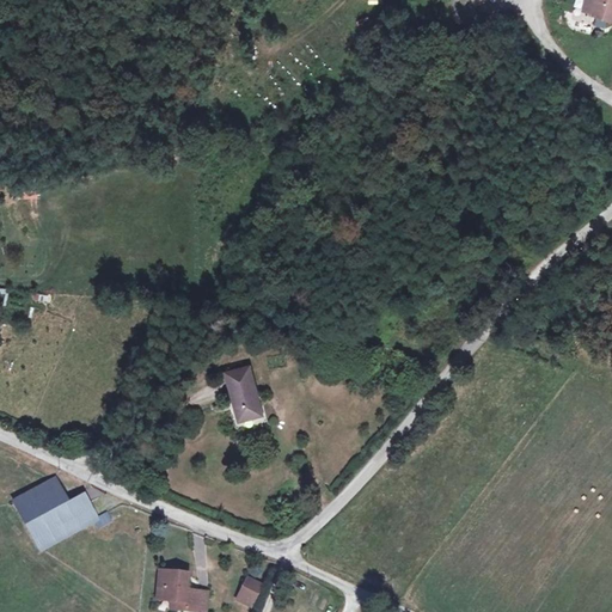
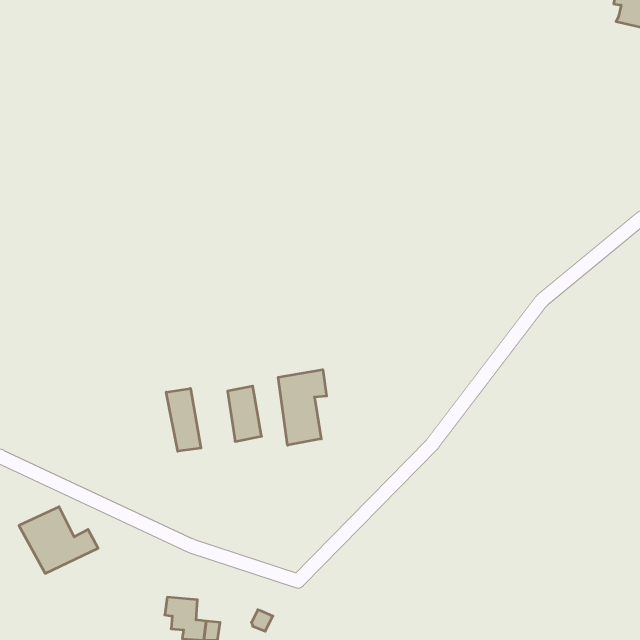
building: none -> [278,370,327,445]
building: none -> [166,388,201,451]

